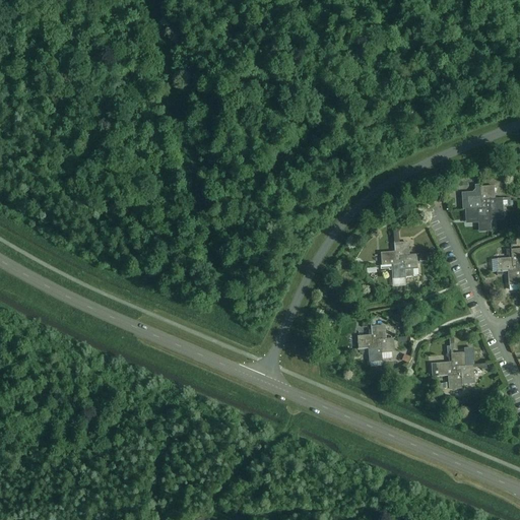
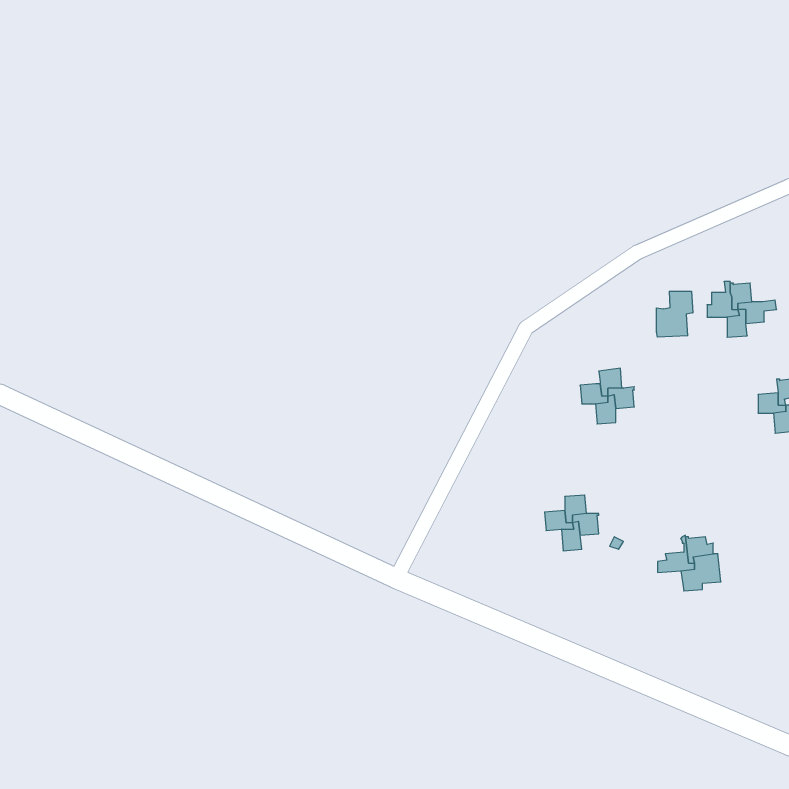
building: none -> [657,291,693,337]

